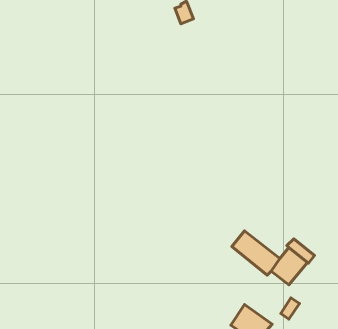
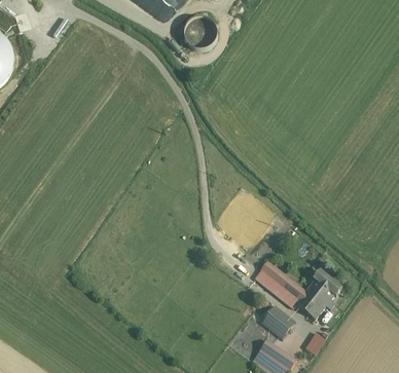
building: none -> [261,304,295,337]

